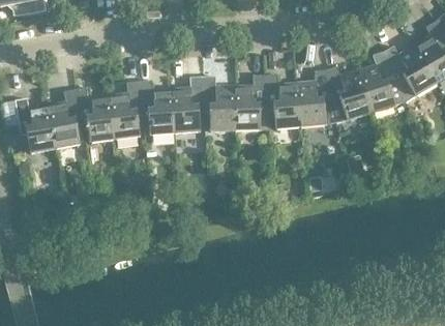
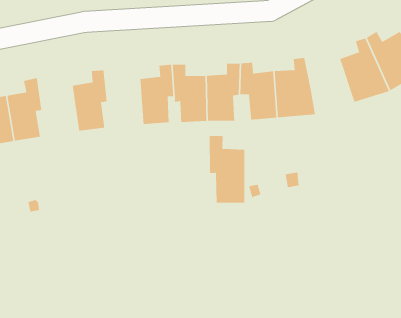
building: [325,65,370,120] -> none
building: [138,80,174,135] -> none
building: [76,87,114,142] -> none
building: none -> [209,135,245,204]

